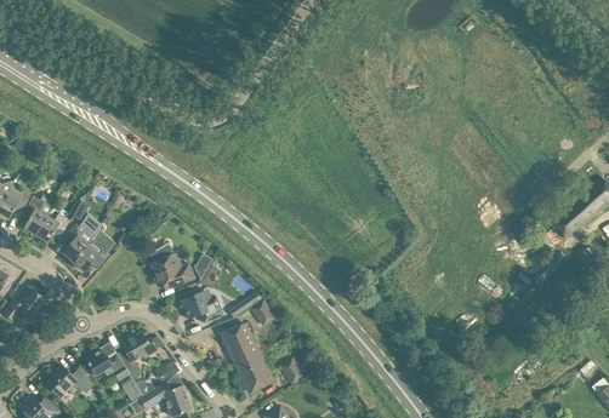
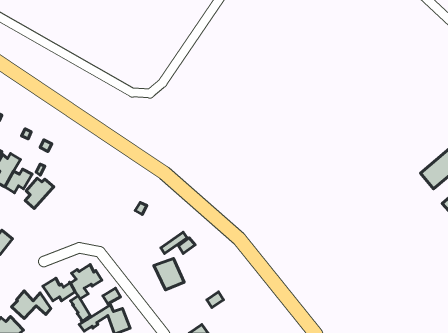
building: [73,237,109,271] -> none
building: [150,242,195,290] -> none
building: [180,291,223,322] -> none
building: [235,353,272,391] -> none

